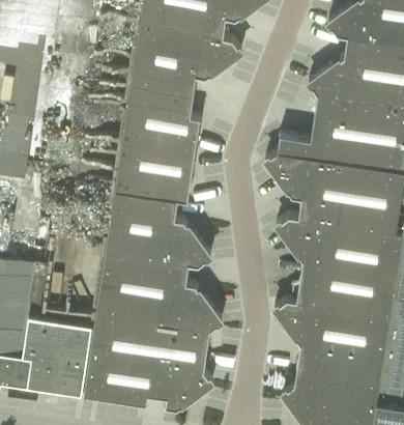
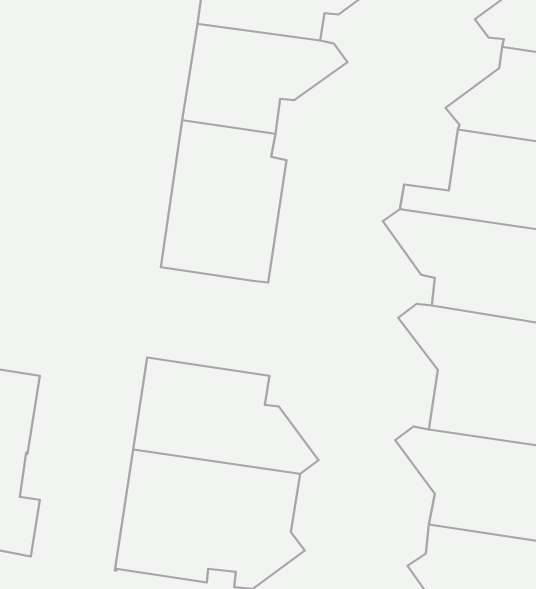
building: [106,193,210,267] -> none
building: [20,318,91,396] -> none

